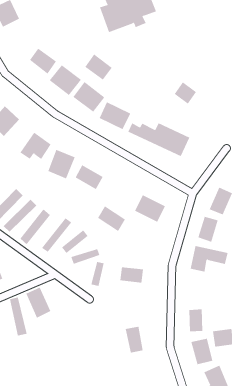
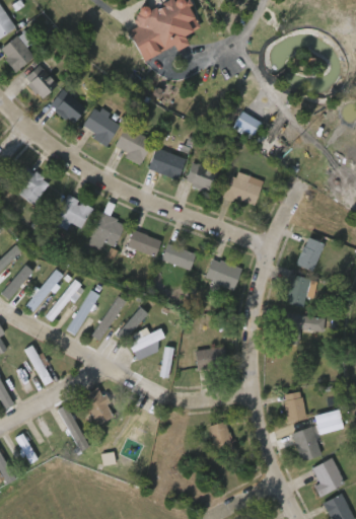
building: none -> [23,64,57,97]
building: [85,53,112,80] -> none
building: [97,206,126,232] -> [159,241,195,272]

